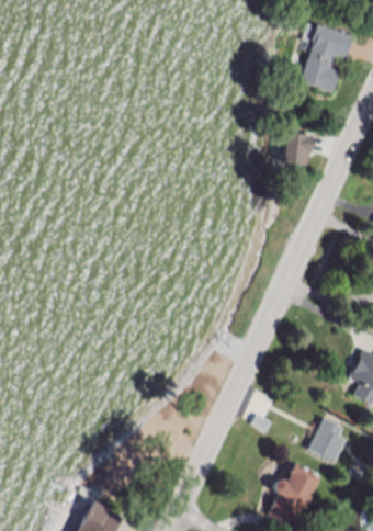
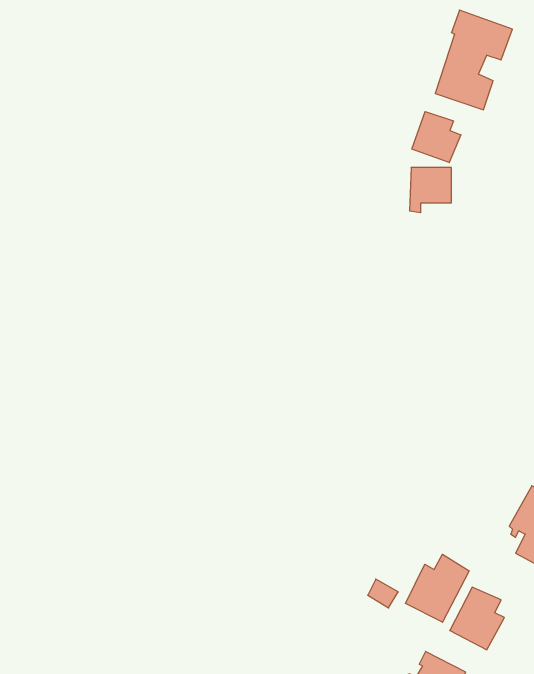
building: none -> [412,112,461,163]
building: none -> [406,554,469,622]

